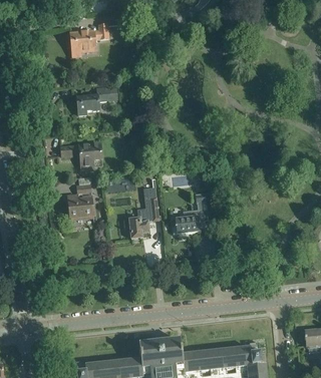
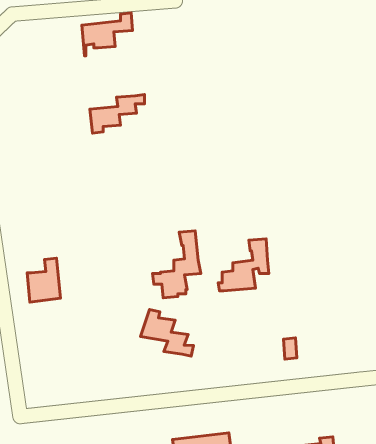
building: [61,142,101,167] -> none
building: [68,184,93,218] -> [27,258,60,302]
building: none -> [141,310,194,356]

